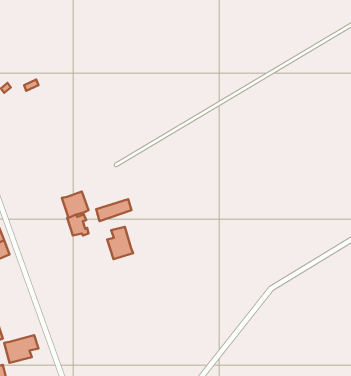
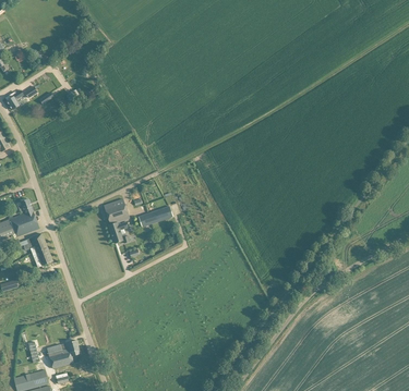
building: [107,227,133,259] -> none

